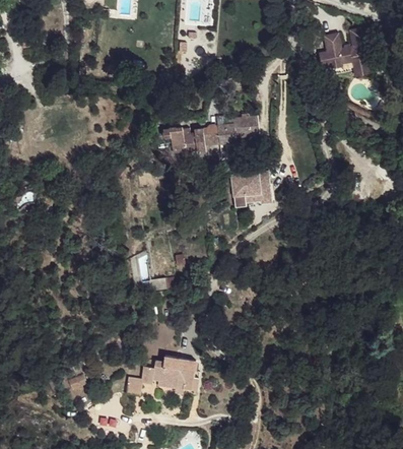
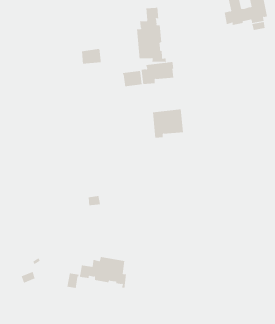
building: none -> [137,6,166,63]
building: [171,130,196,149] -> [81,49,102,64]

